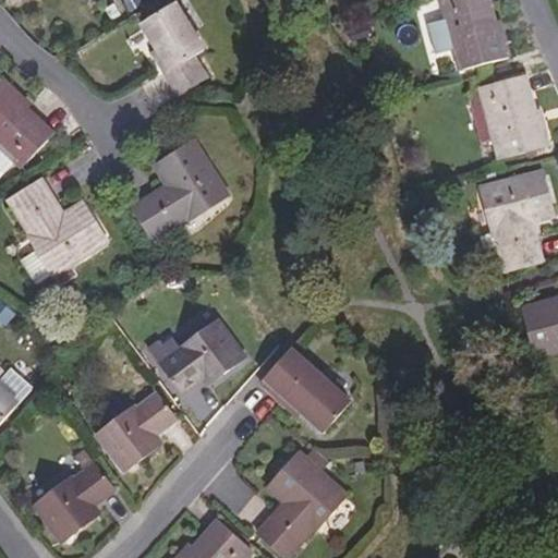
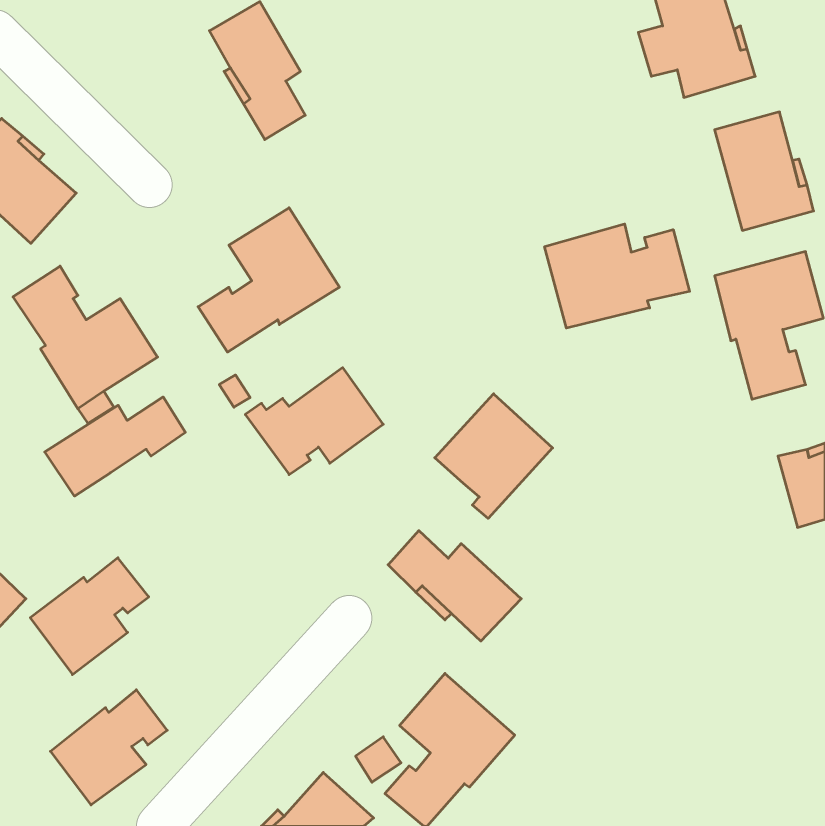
building: none -> [545,224,690,328]
building: none -> [435,394,553,518]
building: none -> [45,397,185,496]
building: [150,318,243,390] -> [245,368,383,475]
building: [95,392,174,471] -> [30,558,149,675]

